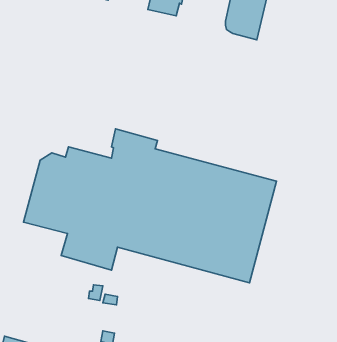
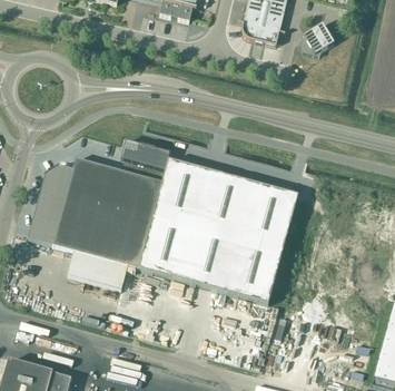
building: none -> [300,21,334,53]

